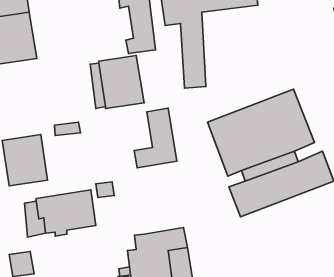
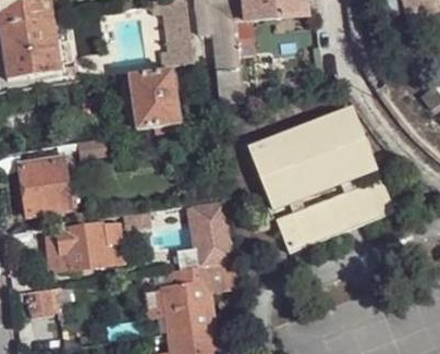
building: [134,108,177,168] -> [176,203,224,270]

